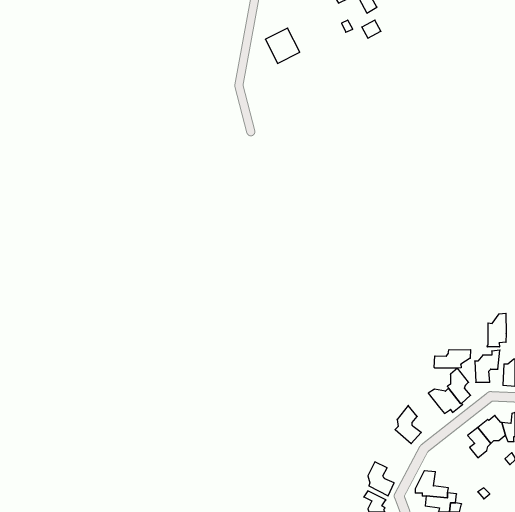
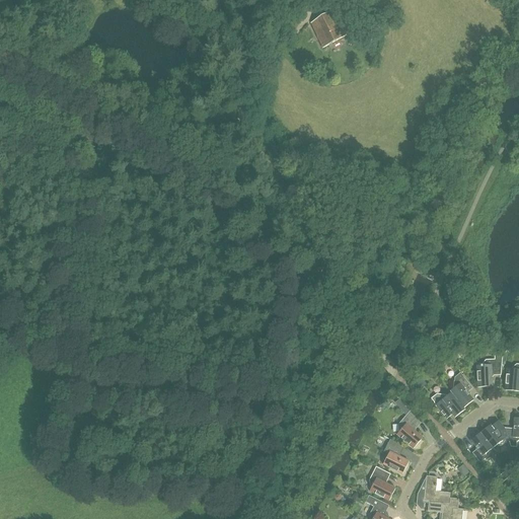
building: [265,28,300,63] -> [311,10,346,46]
building: [487,313,506,347] -> none
building: [434,350,471,368] -> none
building: none -> [383,437,410,472]

